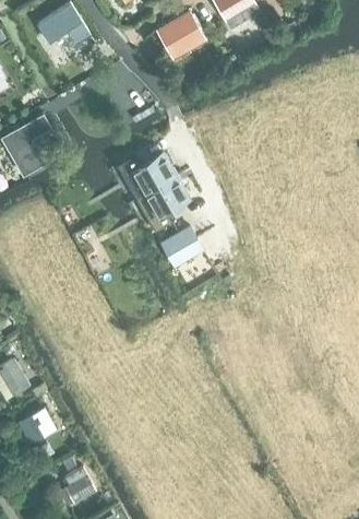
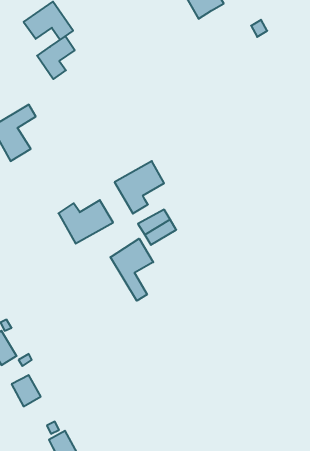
building: [157,14,201,52] -> none
building: none -> [37,36,75,79]
building: [117,152,176,199] -> [58,200,113,244]
building: none -> [110,239,153,301]

